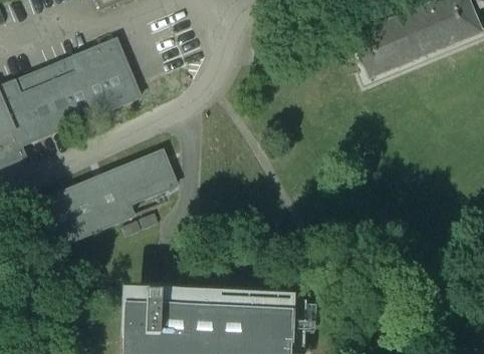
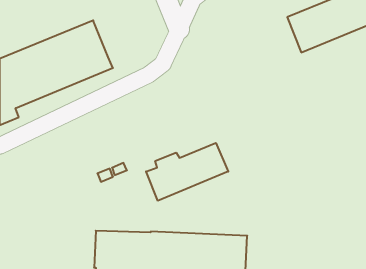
building: [38,149,176,245] -> none
building: none -> [146,143,228,201]

